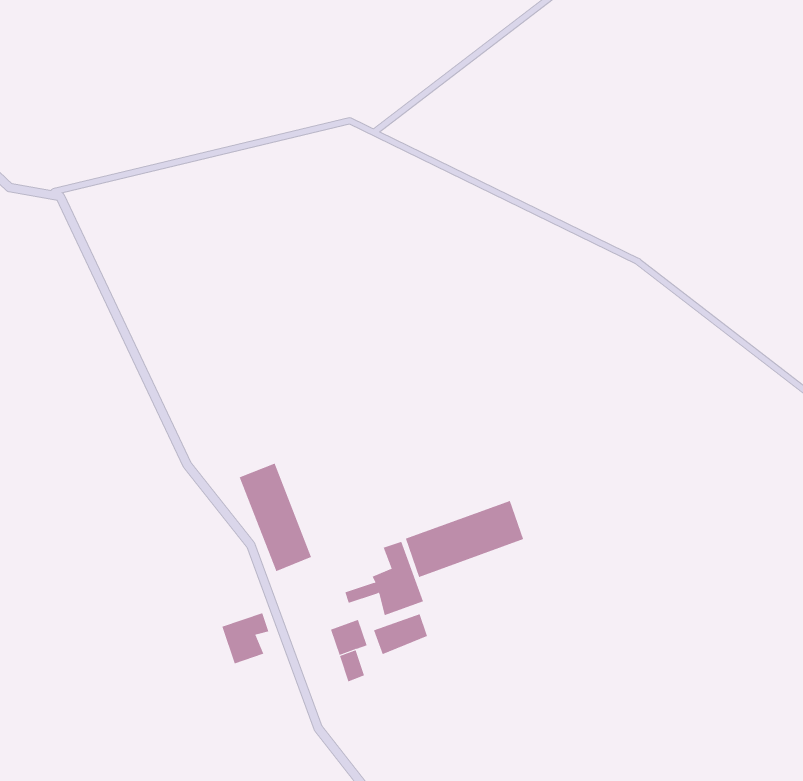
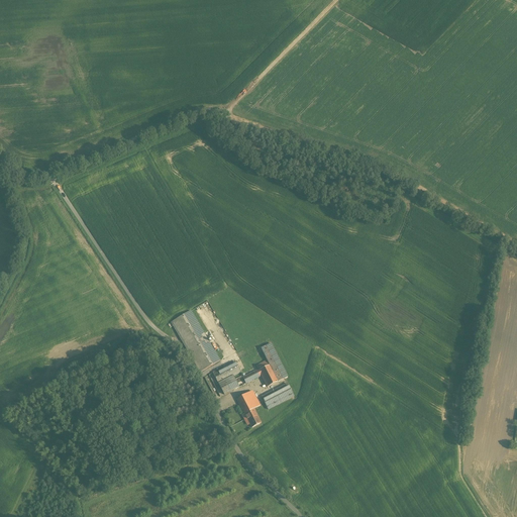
building: [405,500,524,578] -> none
building: [222,613,269,664] -> [213,359,240,391]

